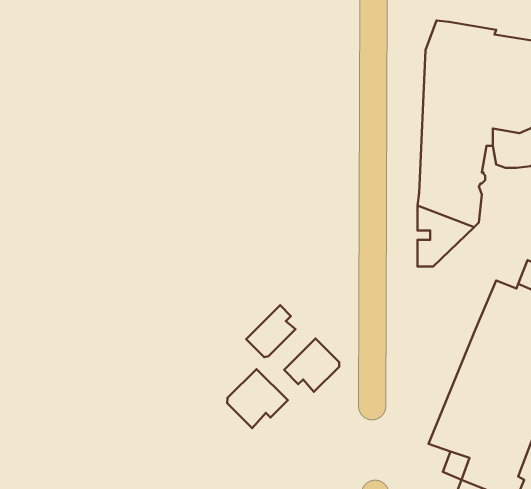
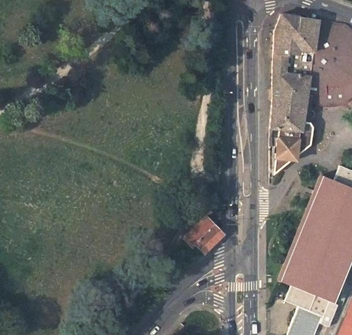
building: [246,305,296,357] -> none
building: [227,369,288,428] -> none

